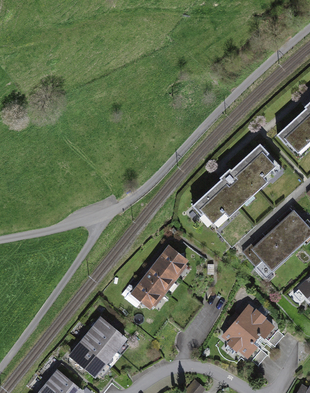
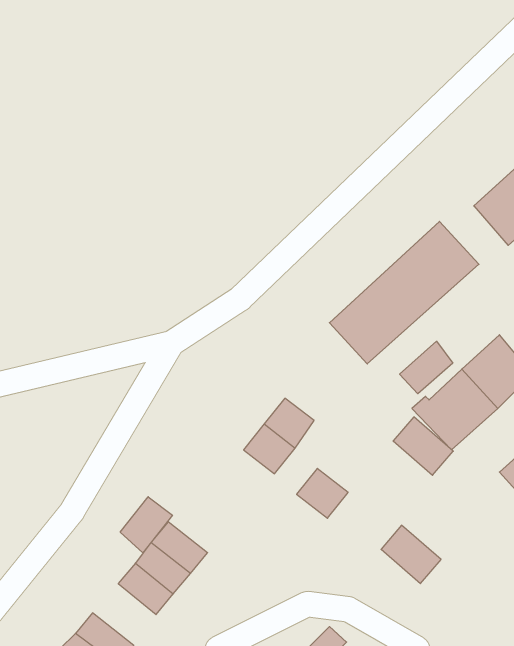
building: none -> [400,341,453,394]
building: [132,276,162,305] -> [297,468,348,518]
building: none -> [120,497,172,553]
building: [236,306,271,340] -> [393,417,453,475]

